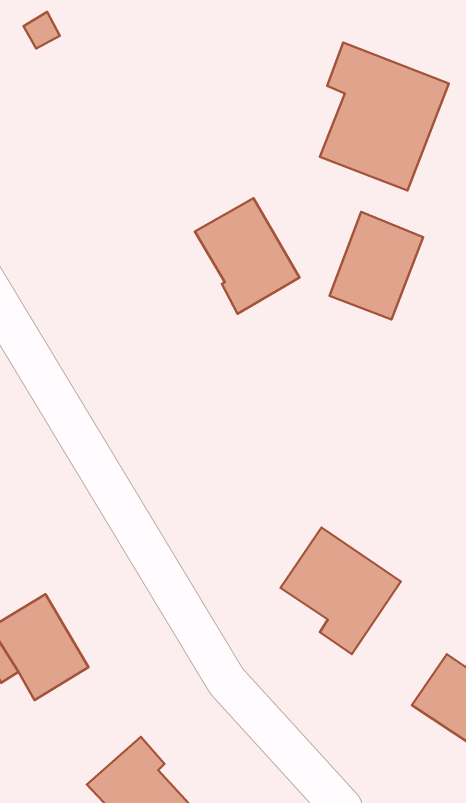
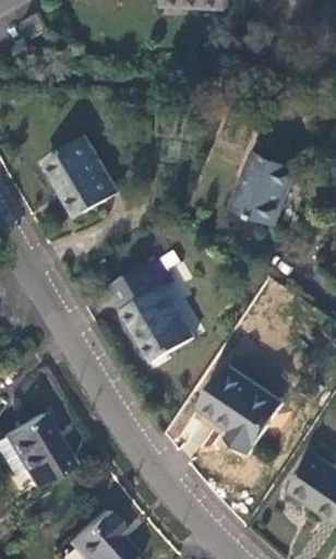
building: [320,42,449,190] -> none
building: [195,198,299,314] -> [46,138,118,217]
building: none -> [110,258,194,361]

